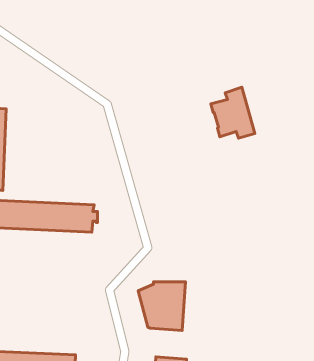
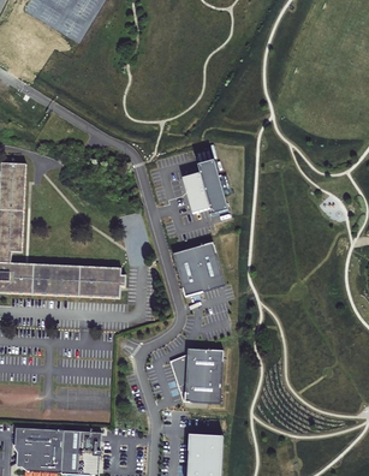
building: [211,87,255,138] -> [181,160,230,215]
building: none -> [171,243,222,297]

